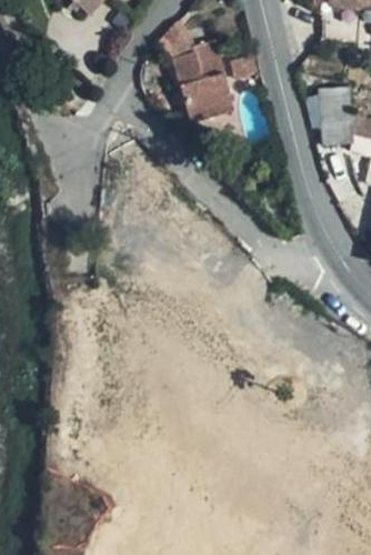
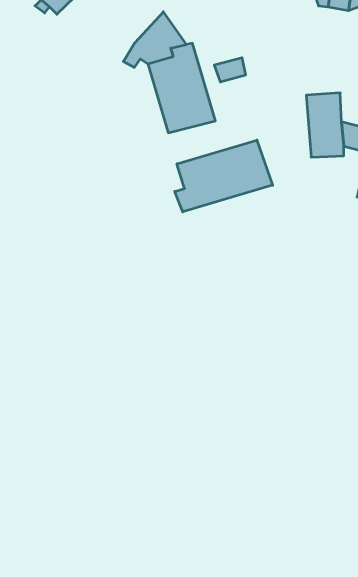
building: none -> [175,140,273,212]

